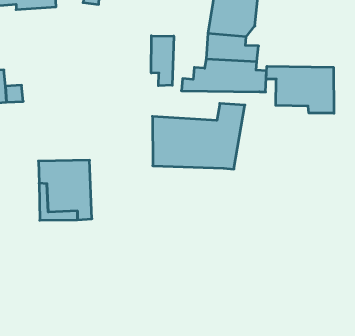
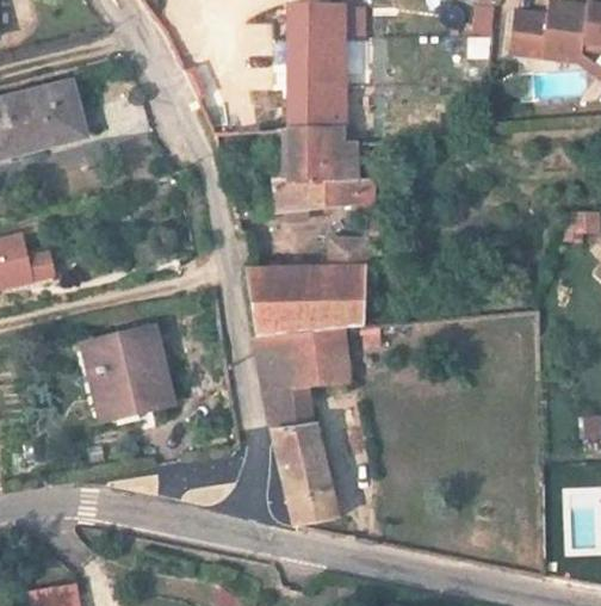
building: [151,36,174,86] -> none
building: [266,66,334,113] -> none
building: none -> [247,316,351,515]

